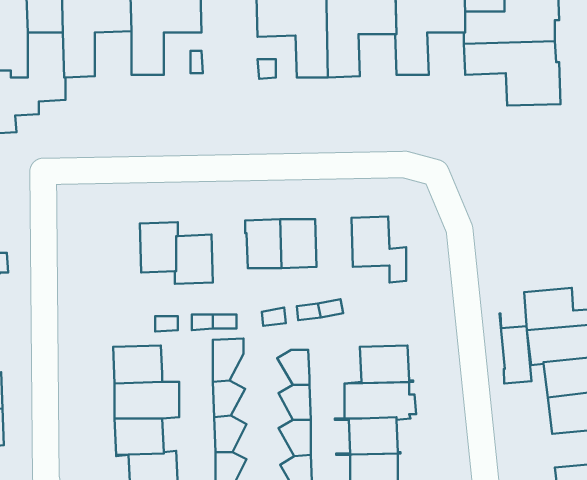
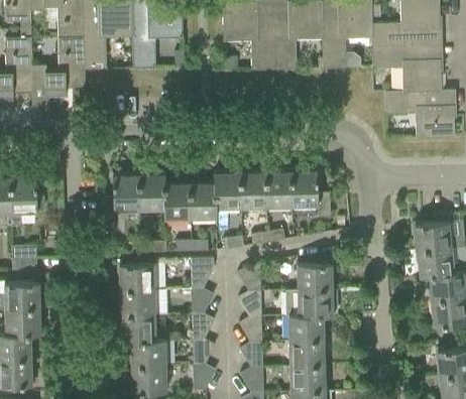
building: none -> [384,90,454,138]
building: none -> [264,171,292,207]
building: none -> [101,175,139,222]
building: none -> [190,182,217,218]
building: [500,313,532,384] -> none

